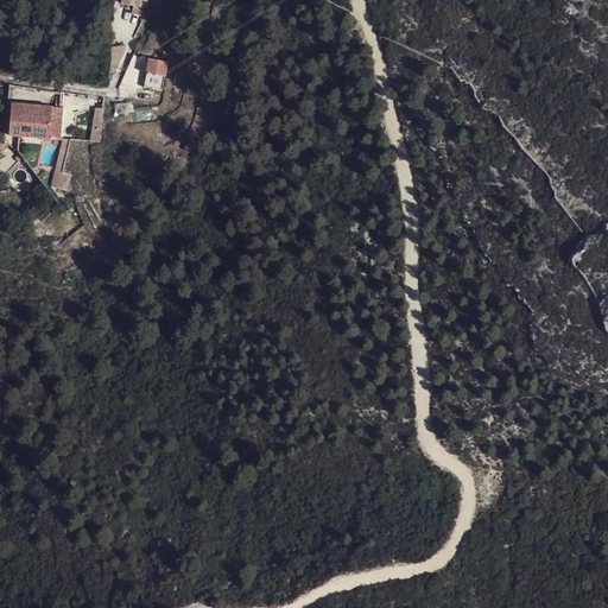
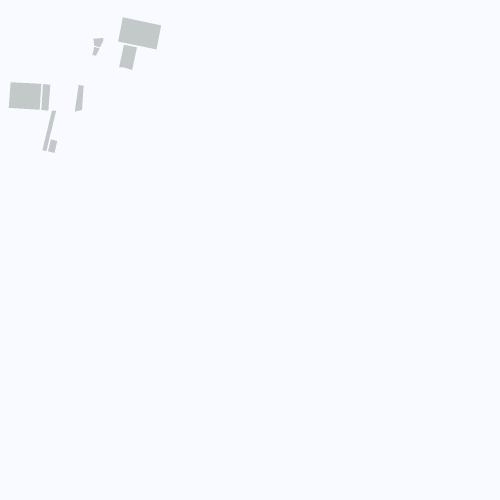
building: none -> [117,17,162,50]

